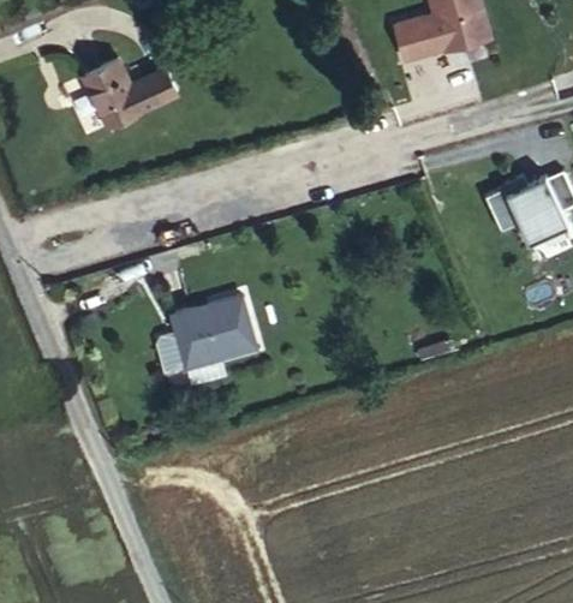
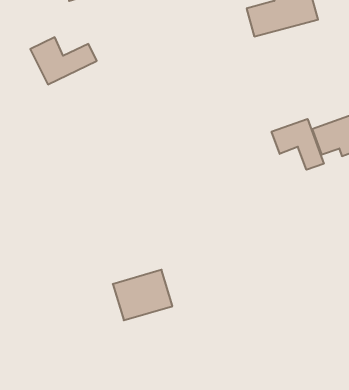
building: none -> [272,119,324,170]
building: [171,298,256,370] -> [113,270,172,320]

